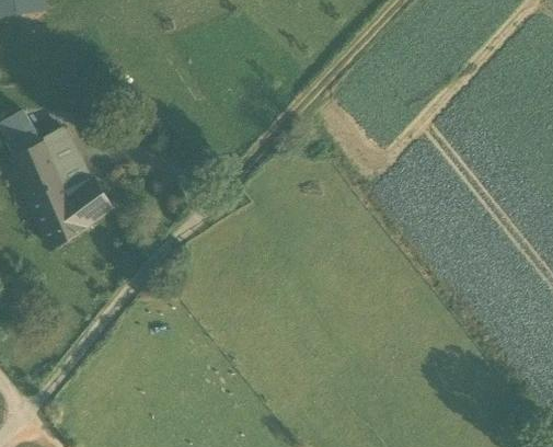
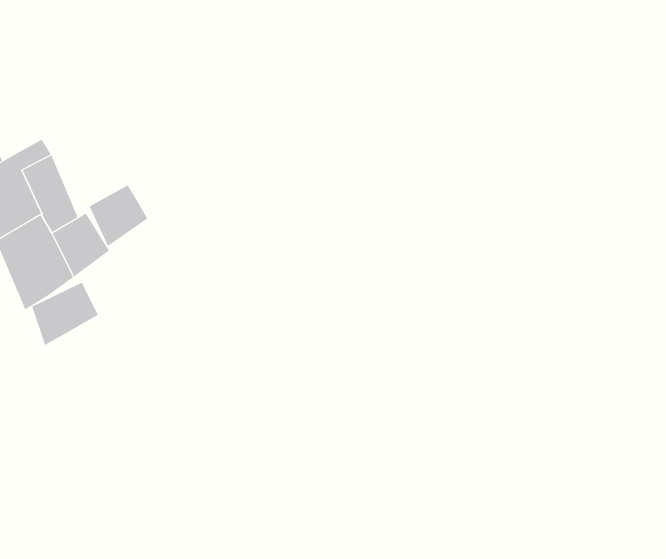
building: none -> [89,184,148,247]
building: none -> [31,282,99,346]

